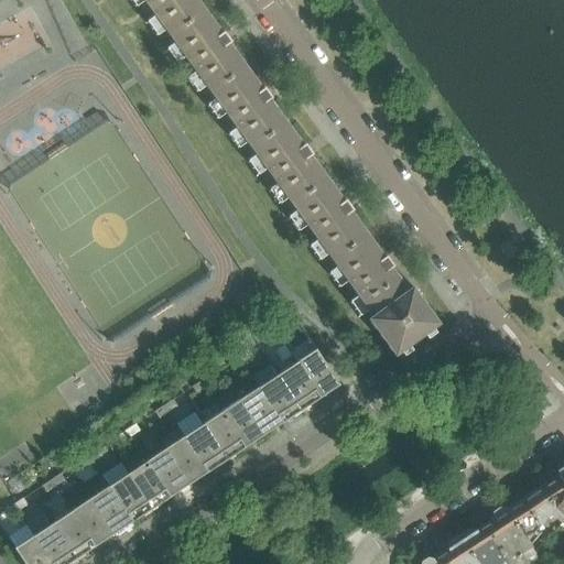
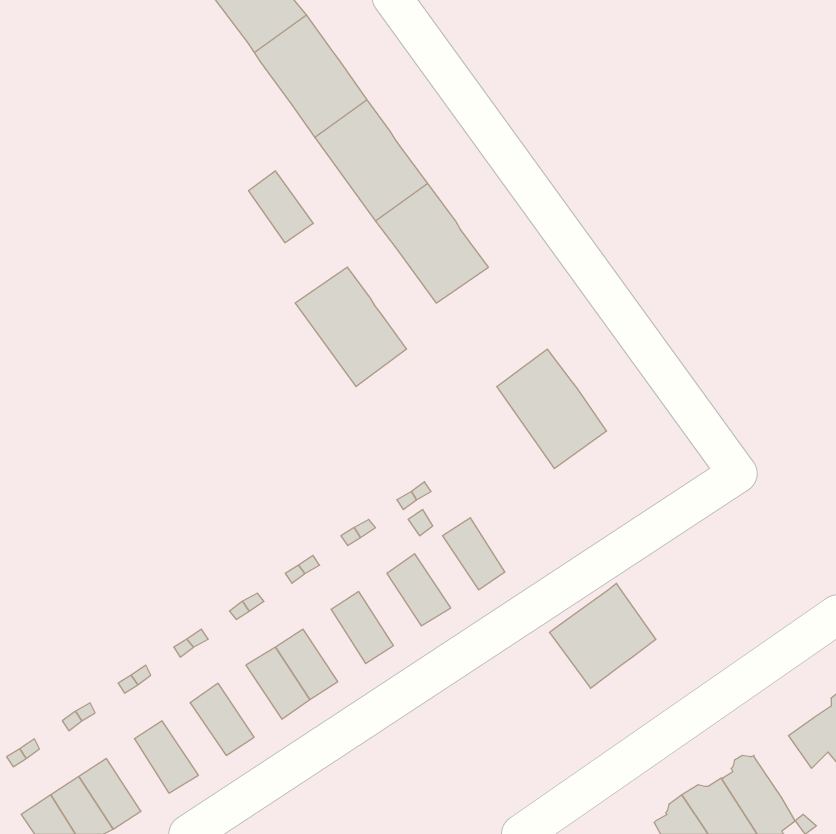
building: none -> [249,171,313,243]
building: [294,180,369,260] -> [295,267,407,387]
building: [369,285,441,356] -> [549,583,656,688]
building: [280,360,323,409] -> none
building: [242,386,284,434] -> none
building: [205,410,247,458] -> none
building: [148,447,191,496] -> none
building: [110,473,153,521] -> none
building: [508,495,546,536] -> none
building: [73,497,115,545] -> none

